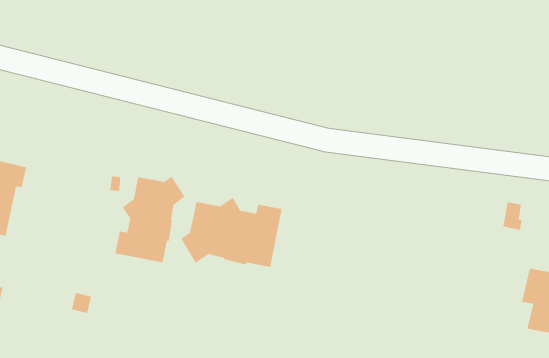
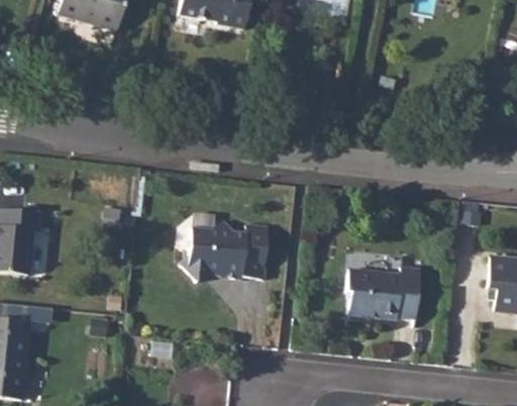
building: [115,176,185,263] -> none
building: none -> [346,266,421,318]

